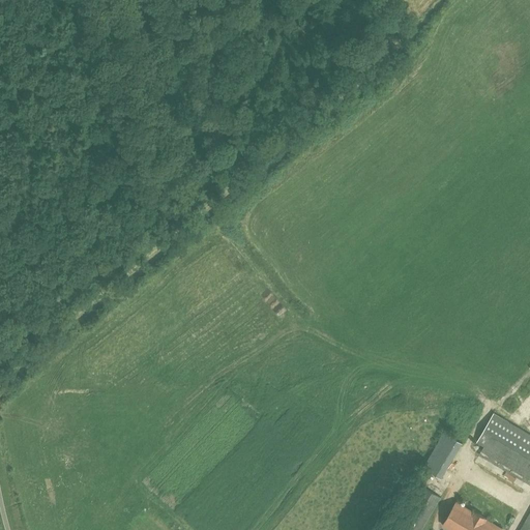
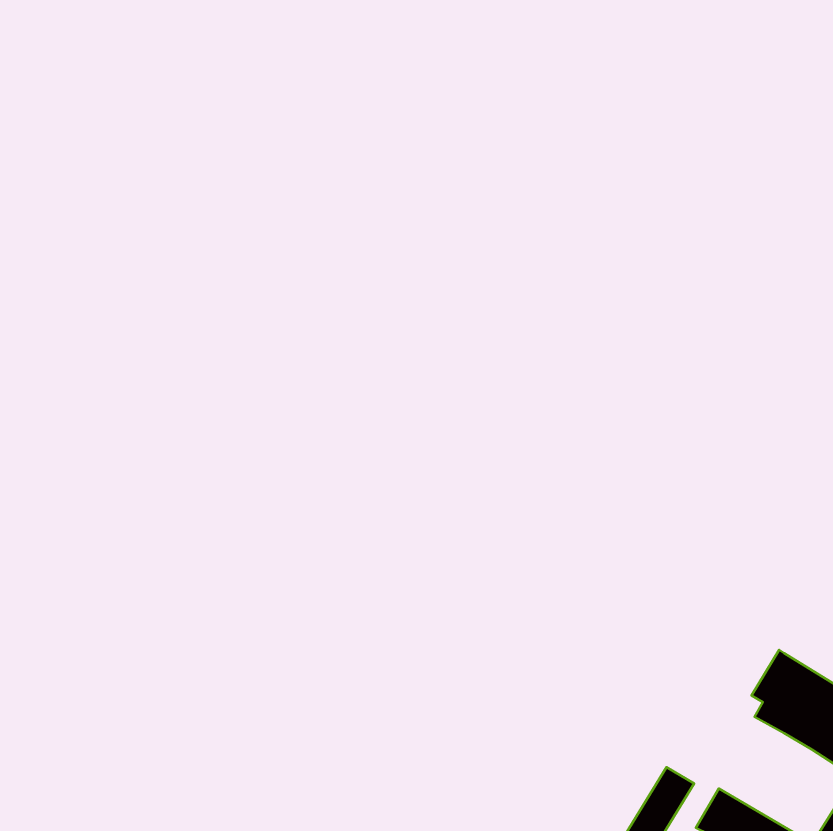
building: [423,433,464,480] -> none

